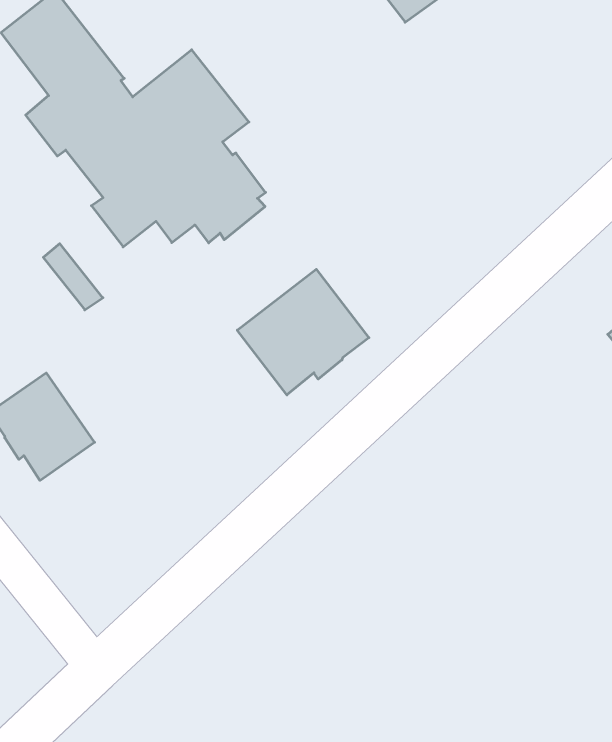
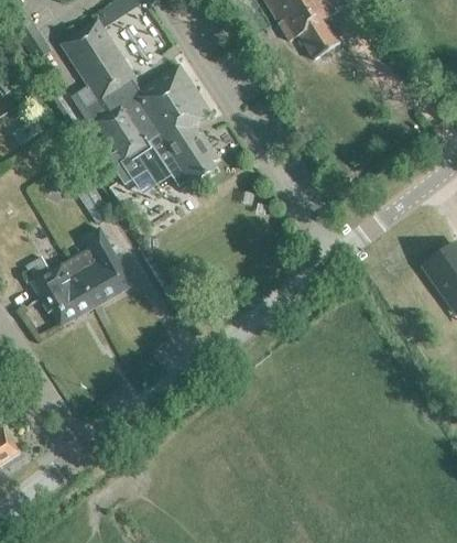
building: [237,269,369,395] -> none
building: none -> [69,226,132,304]

